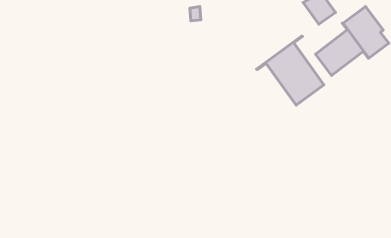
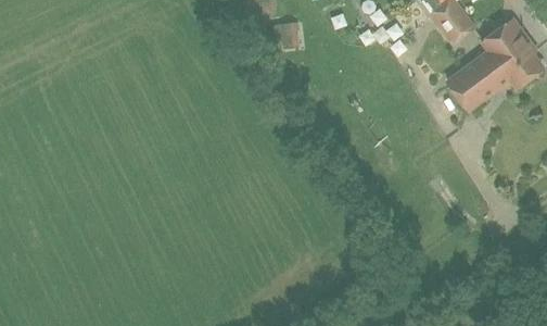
building: [257,36,324,105] -> none

